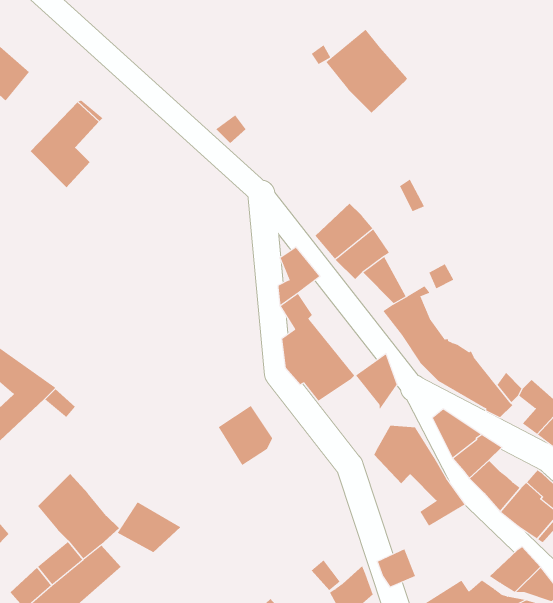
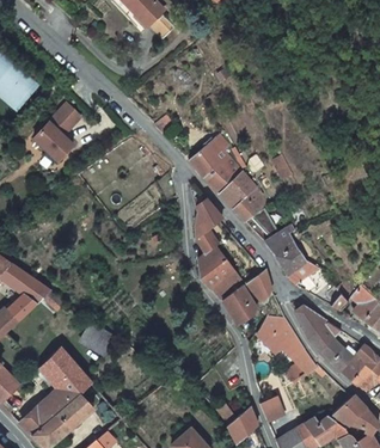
building: [326,29,408,114] -> [189,137,243,192]
building: [218,405,273,466] -> [221,286,257,325]
building: [117,501,181,553] -> [80,321,122,355]

